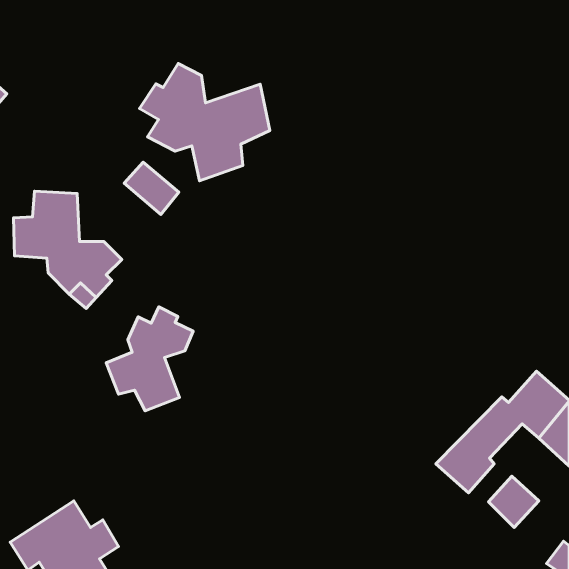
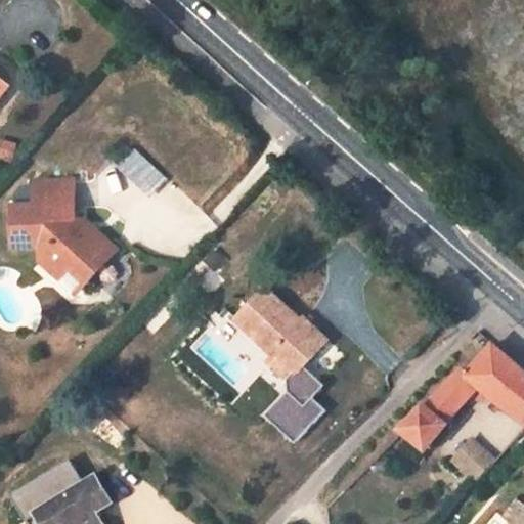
building: [139,64,270,181] -> none
building: [106,307,193,411] -> none
building: none -> [234,289,326,444]

